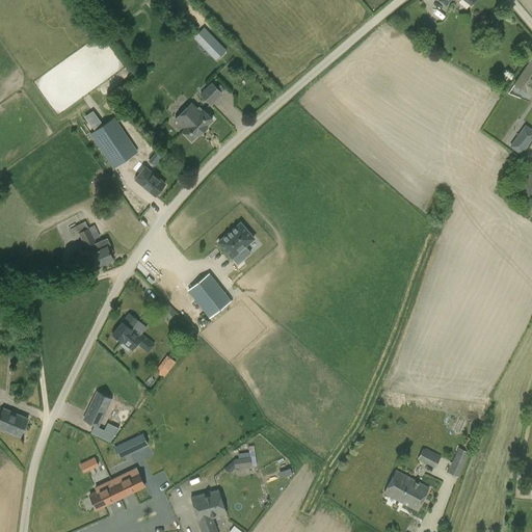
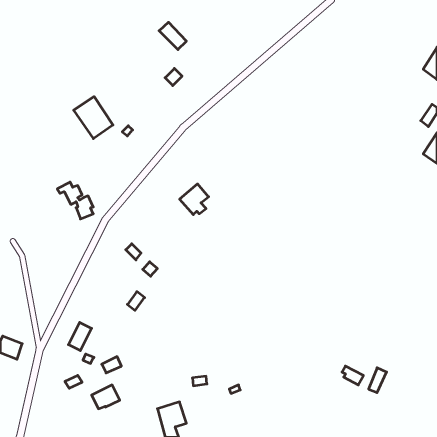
building: [175,103,212,139] -> none
building: [135,167,165,195] -> none
building: [189,275,235,323] -> none
building: [112,314,155,352] -> none
building: [383,470,429,511] -> none
building: [88,480,119,510] -> none

